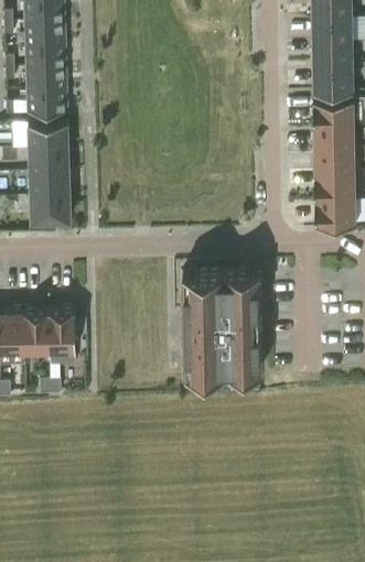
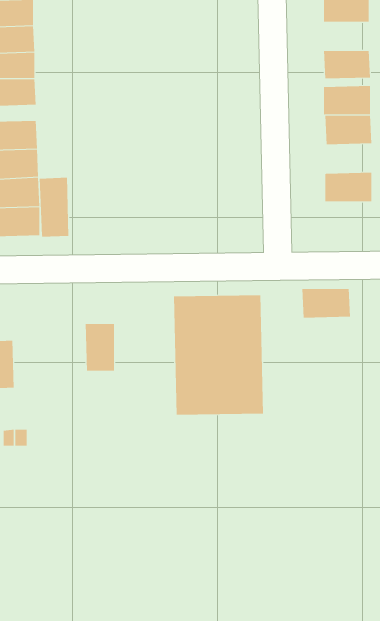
building: [312,42,352,66] -> none
building: [314,145,354,171] -> none
building: none -> [39,177,69,238]
building: [313,195,355,220] -> [302,289,351,318]
building: [47,313,73,354] -> [85,323,115,371]

